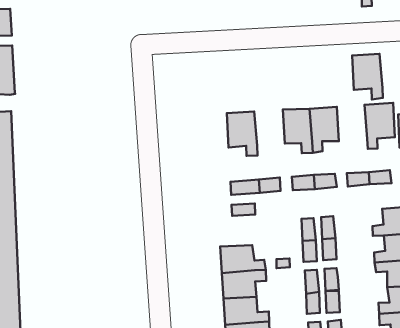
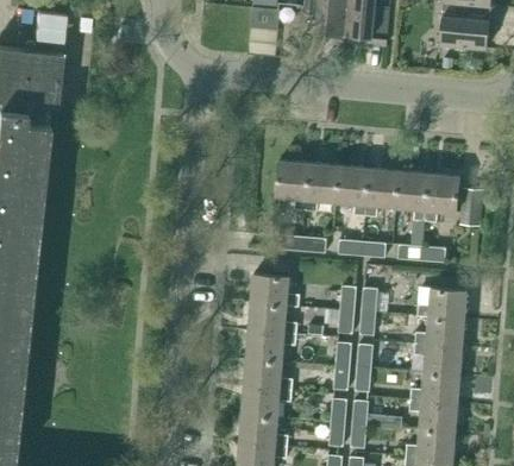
building: [352,54,383,99] -> [395,171,428,221]
building: none -> [306,163,340,212]
building: none -> [251,273,300,307]

